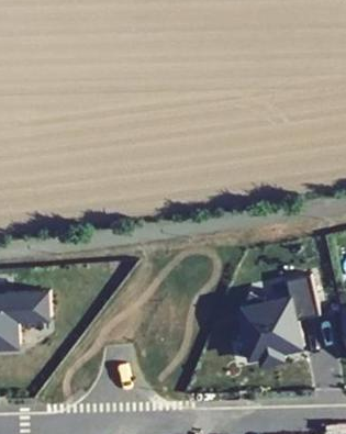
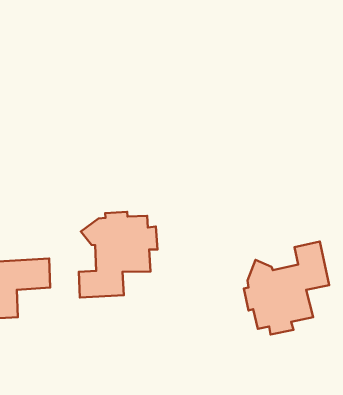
building: none -> [79,212,157,298]

